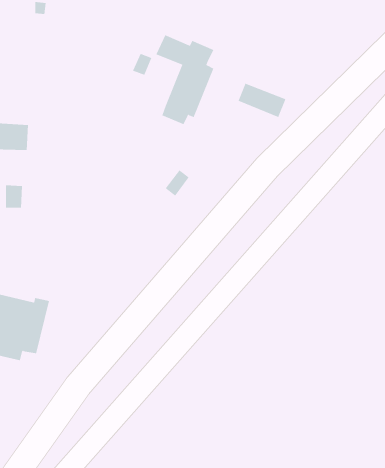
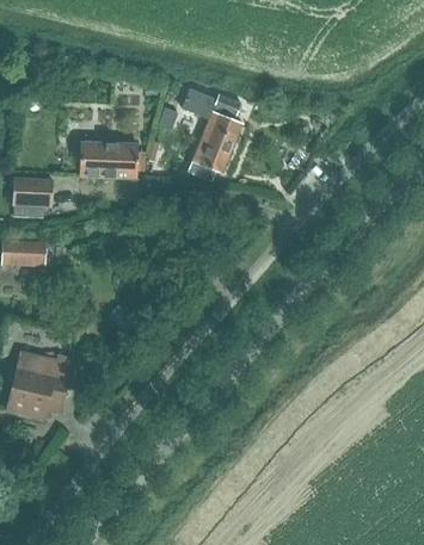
building: [238,83,286,118] -> none
building: none -> [80,142,139,178]

